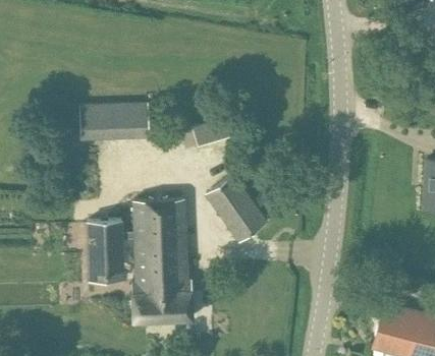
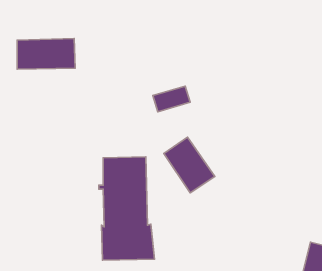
building: [80,106,150,142] -> [17,38,75,69]
building: [86,220,128,281] -> none

